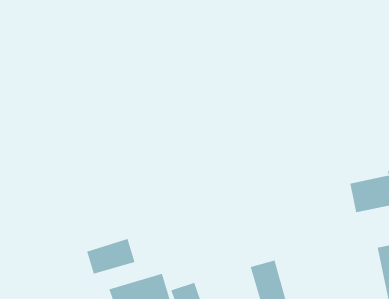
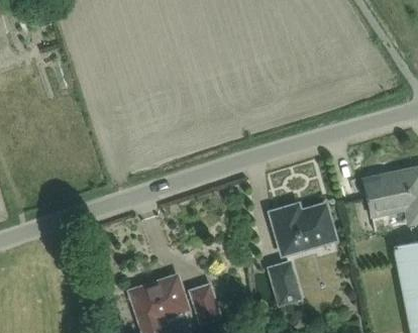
building: none -> [271,205,336,257]
building: [87,238,135,275] -> none

